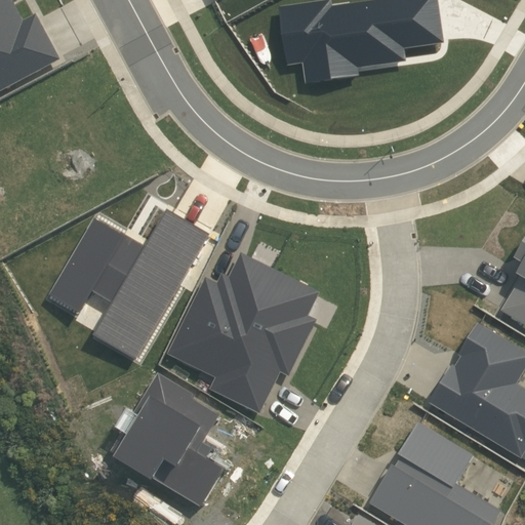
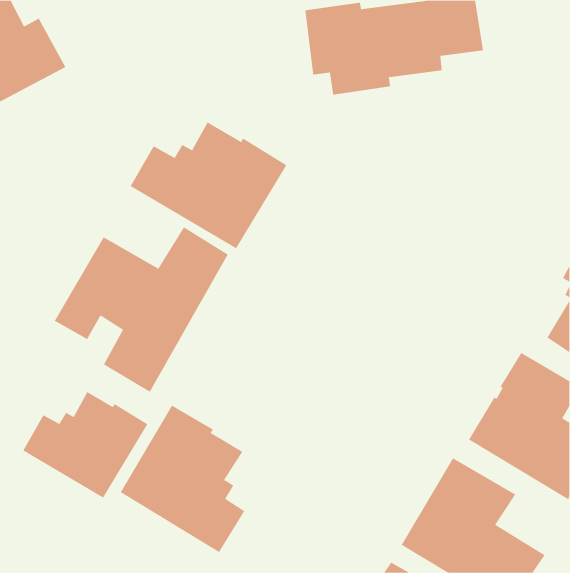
building: none -> [130,121,287,249]
building: [166,252,320,413] -> none
building: none -> [22,391,148,498]

